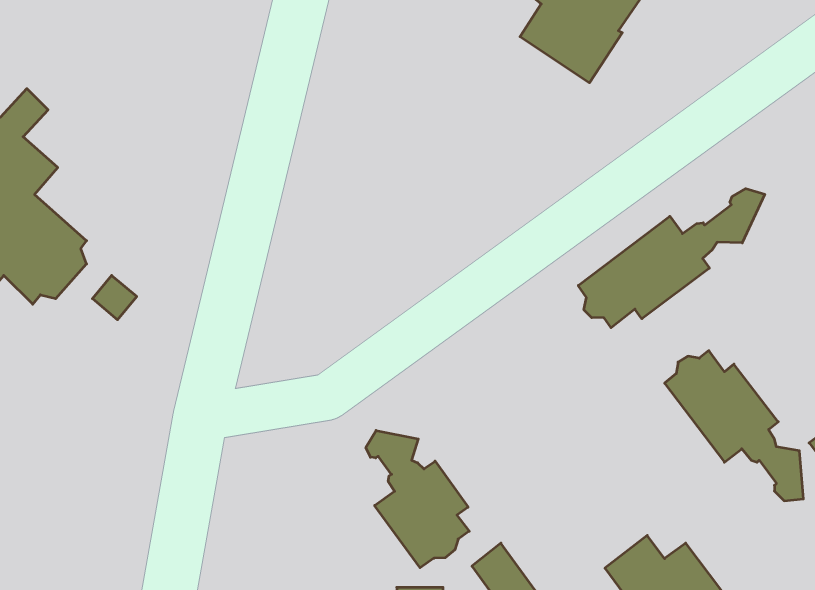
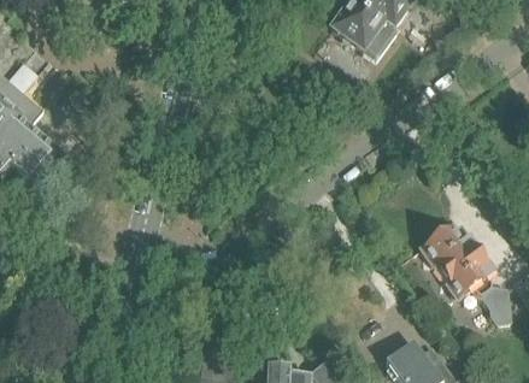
building: [578,189,765,328] -> none
building: [366,430,469,568] -> none

